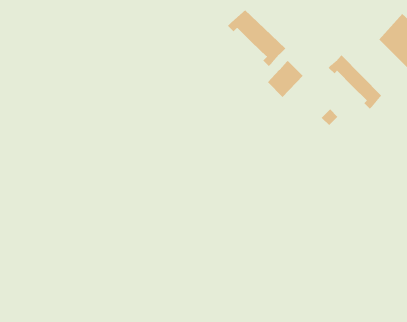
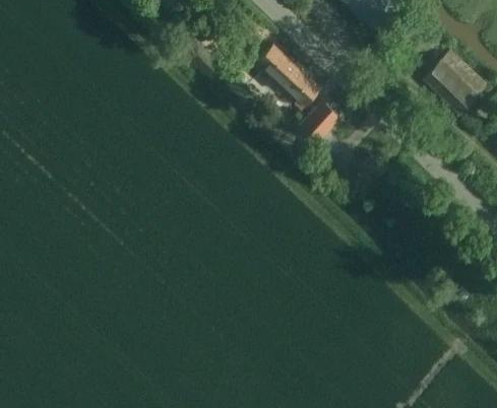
building: [328,55,382,110] -> none

